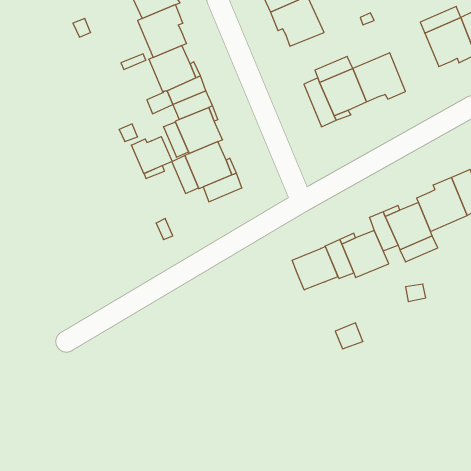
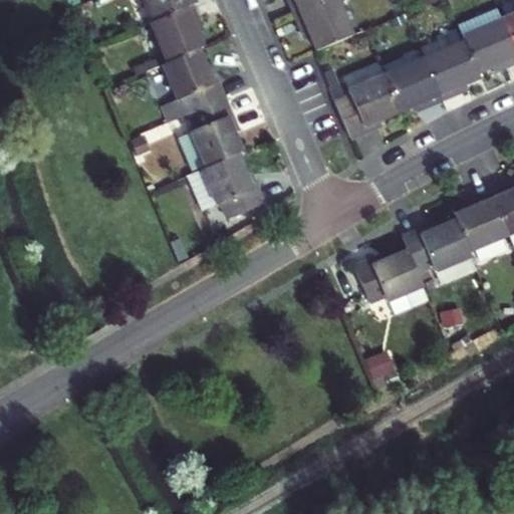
building: none -> [425,41,480,99]
building: [131,137,172,174] -> none
building: [292,246,338,290] -> none

